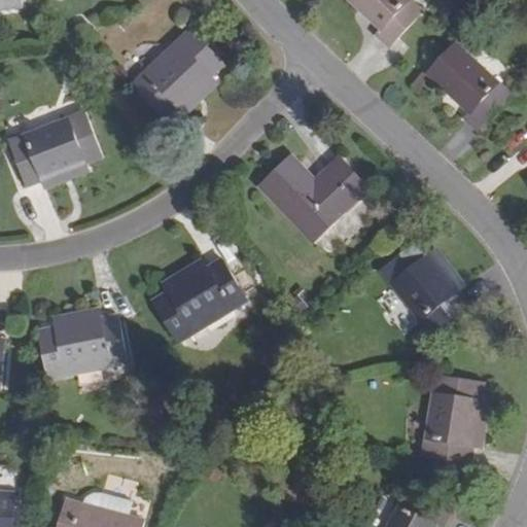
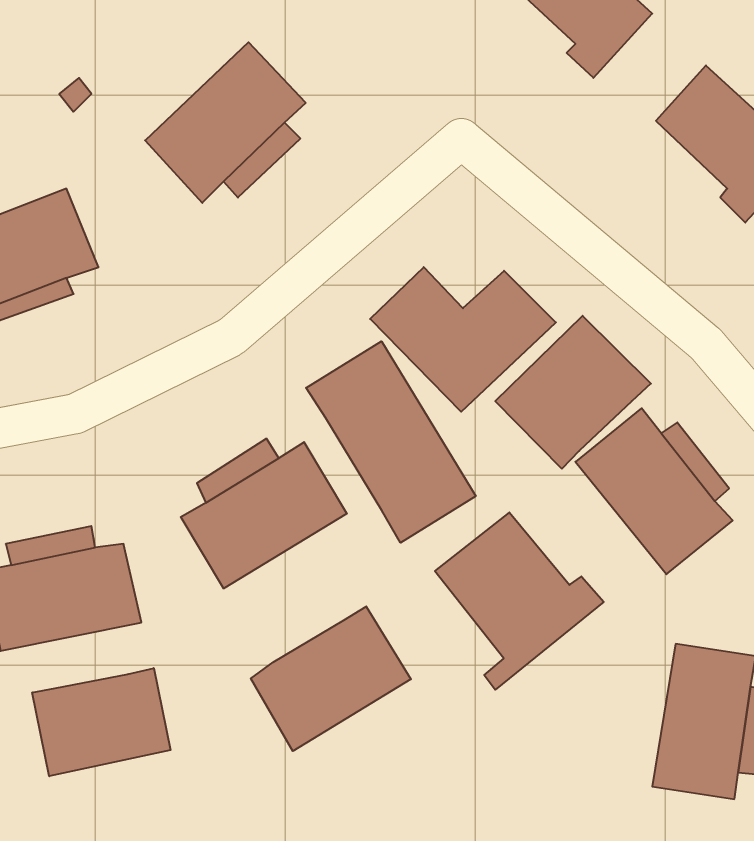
building: none -> [495,316,651,469]
building: none -> [306,341,476,543]
building: none -> [435,512,604,690]
building: none -> [251,606,411,751]
building: none -> [32,668,171,776]

